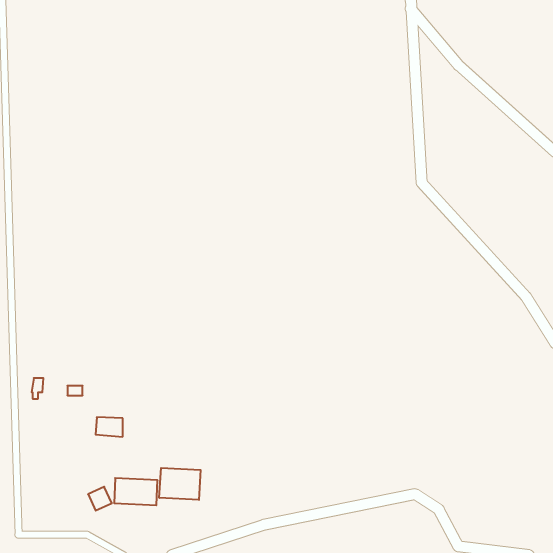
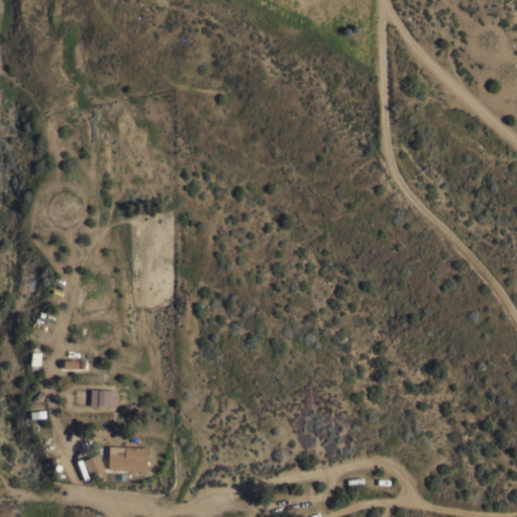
building: [159,468,201,500] -> none

